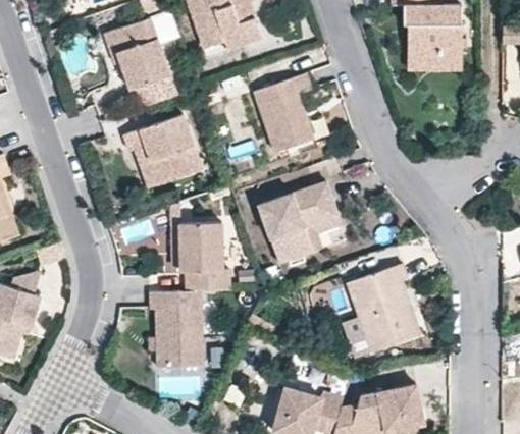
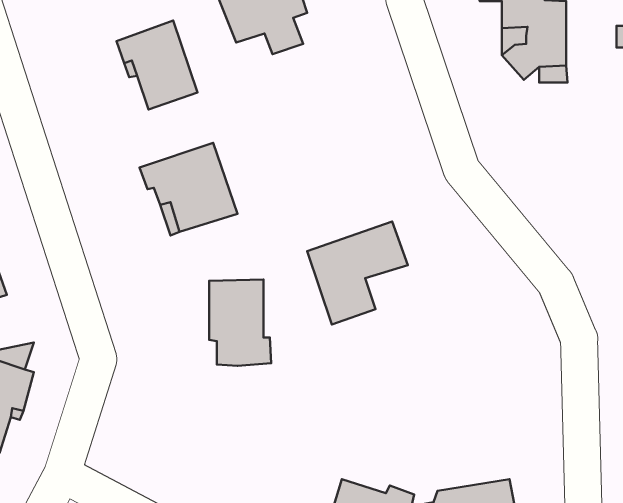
building: [251,70,312,152] -> none
building: [345,263,418,351] -> none
building: [149,293,204,368] -> none

